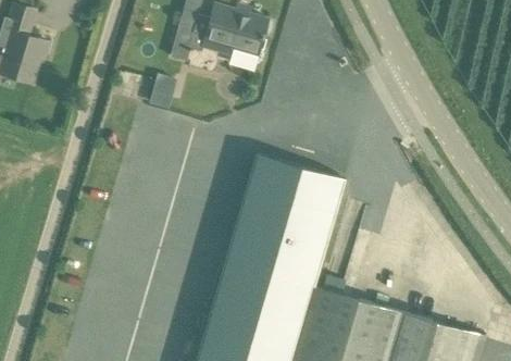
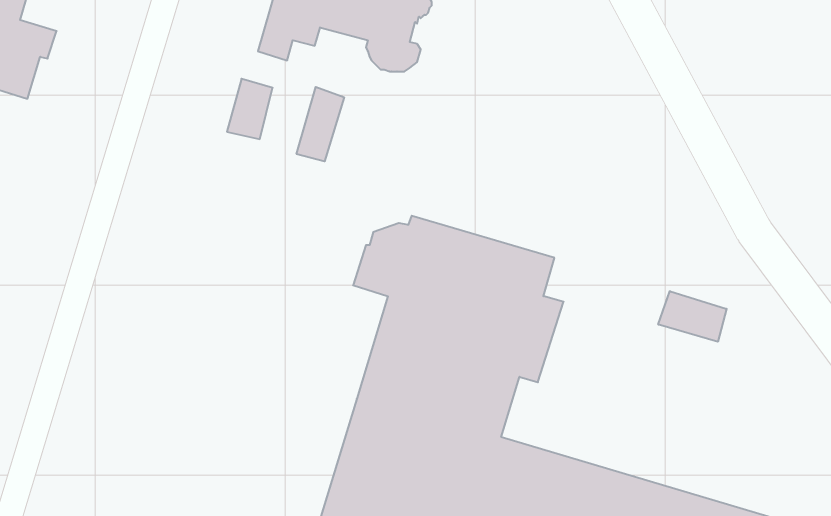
building: none -> [297,87,344,161]
building: none -> [658,291,727,342]

